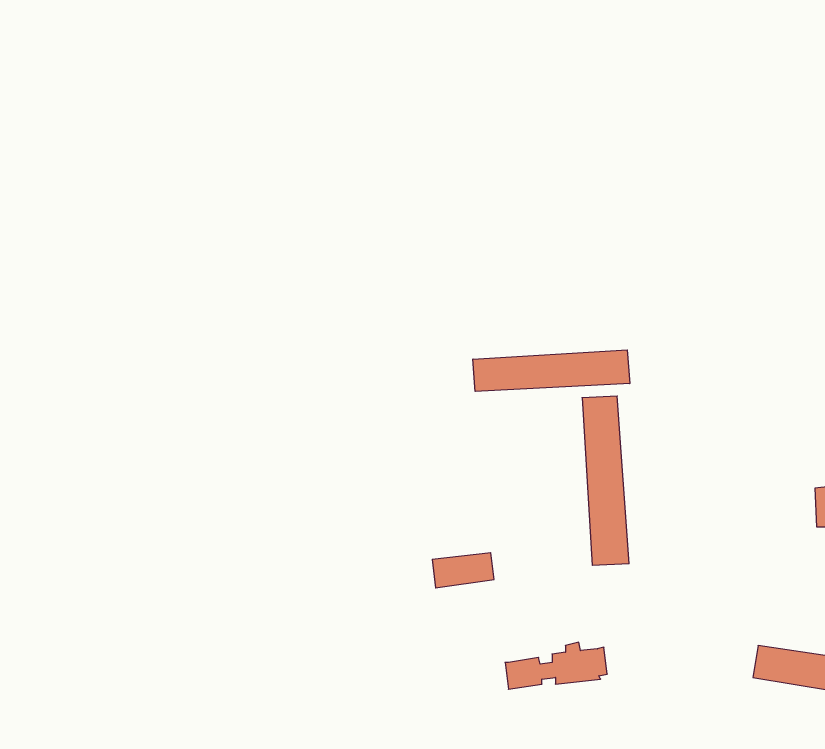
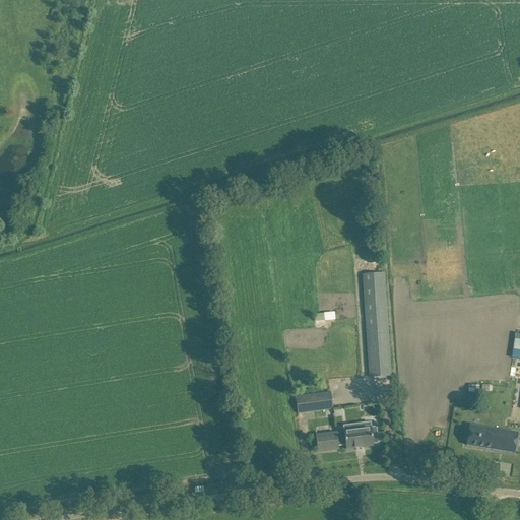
building: [473,350,630,391] -> none
building: [432,553,494,588] -> [296,391,333,412]

